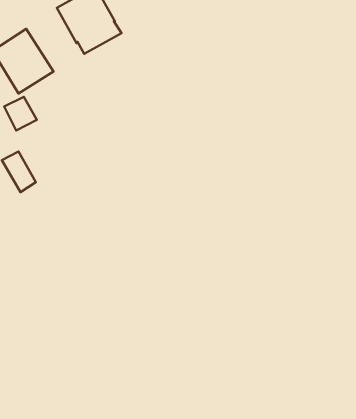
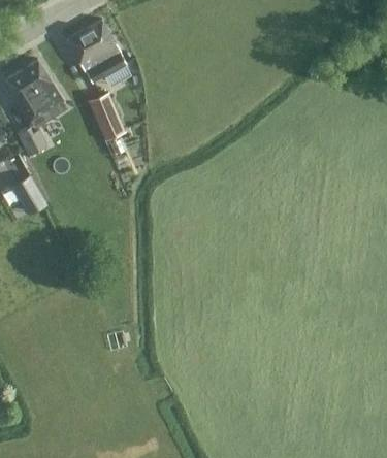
building: none -> [90,93,126,140]

